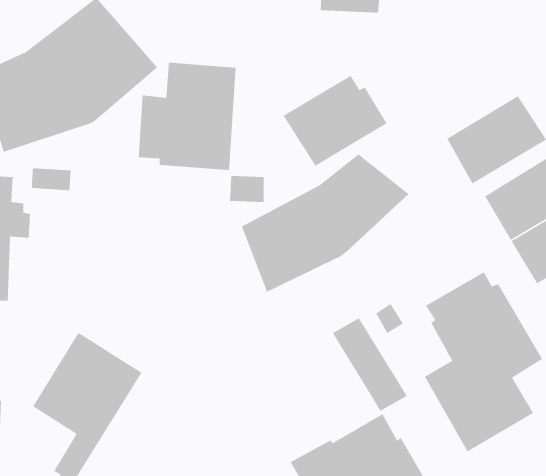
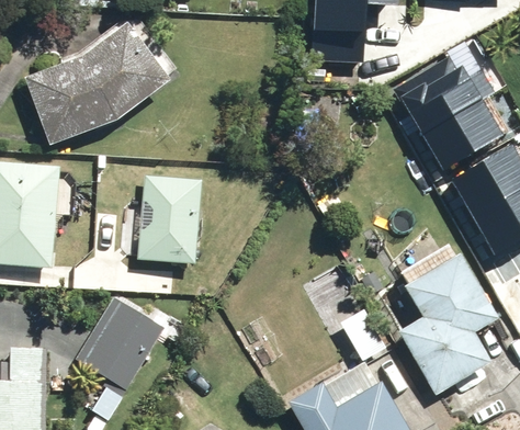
building: [138,62,237,171] -> [118,174,201,265]
building: [282,75,388,167] -> [391,56,478,133]
building: [241,153,409,293] -> none

